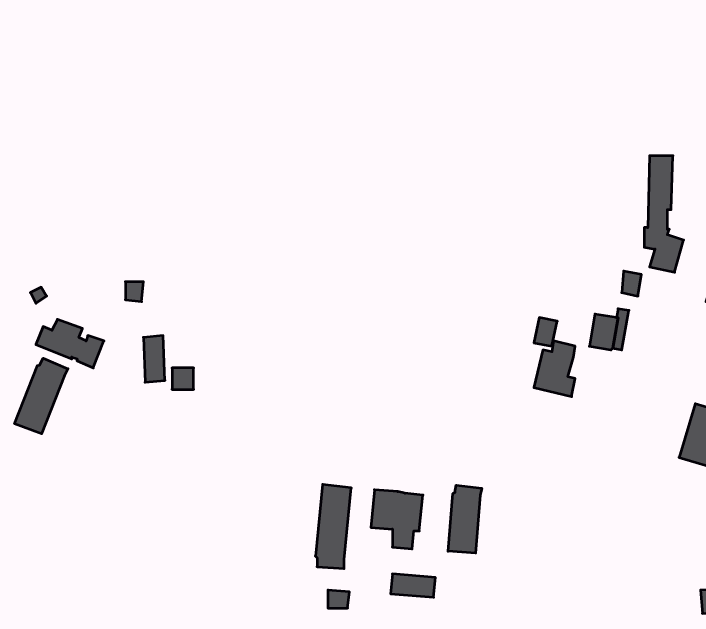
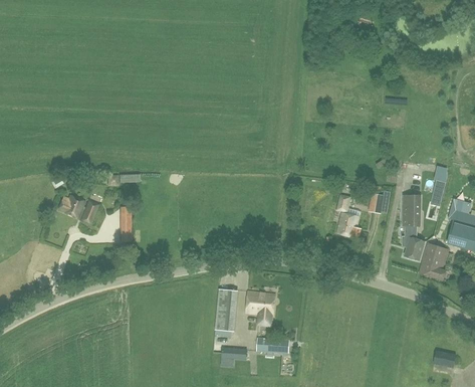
building: [644,156,684,272] -> [402,194,424,259]
building: [15,358,68,434] -> none
building: [448,485,482,553] -> none

